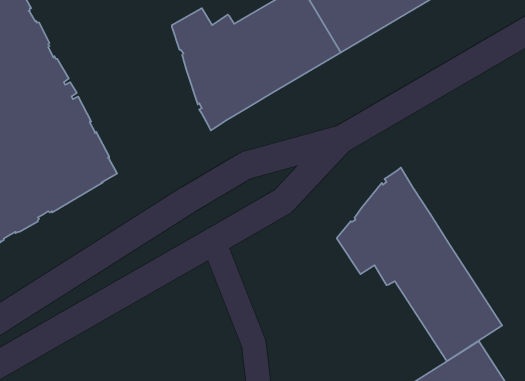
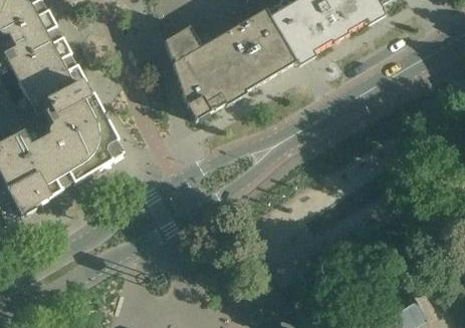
building: [337,167,502,361] -> none

